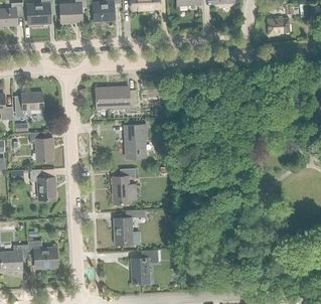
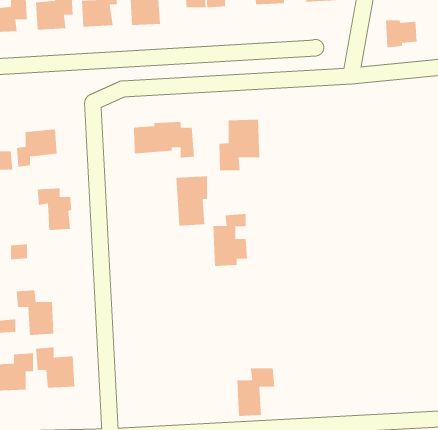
building: none -> [219,119,260,171]
building: [112,168,136,204] -> [213,214,248,267]
building: [29,169,55,200] -> [16,290,54,335]
building: [114,209,144,245] -> none
building: [131,251,157,284] -> [237,368,275,417]

